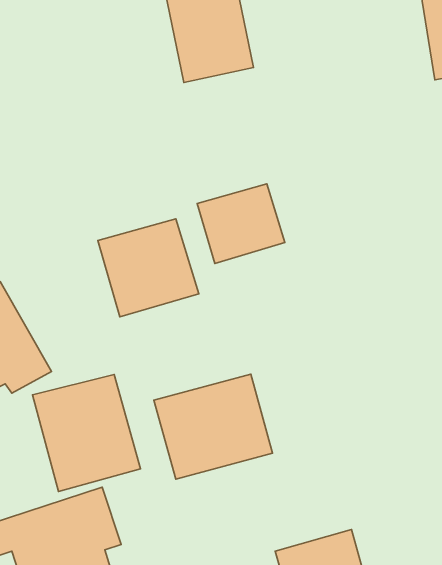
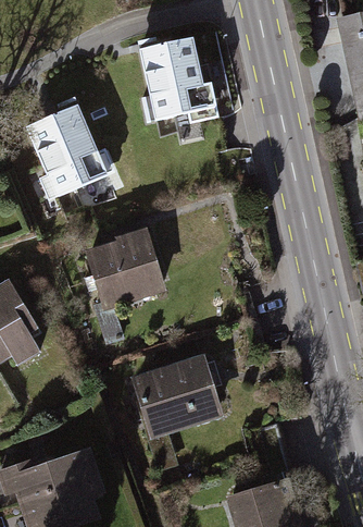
building: none -> [24,105,109,198]
building: [197,184,285,264] -> none
building: [33,375,140,491] -> none

